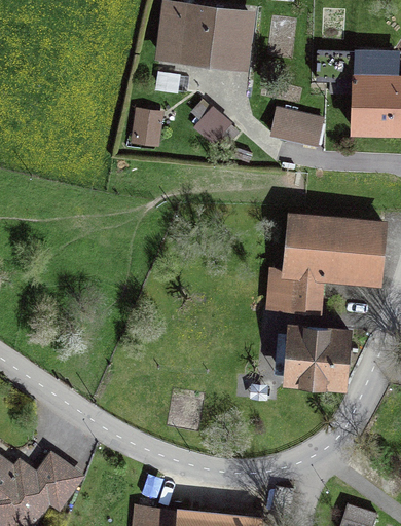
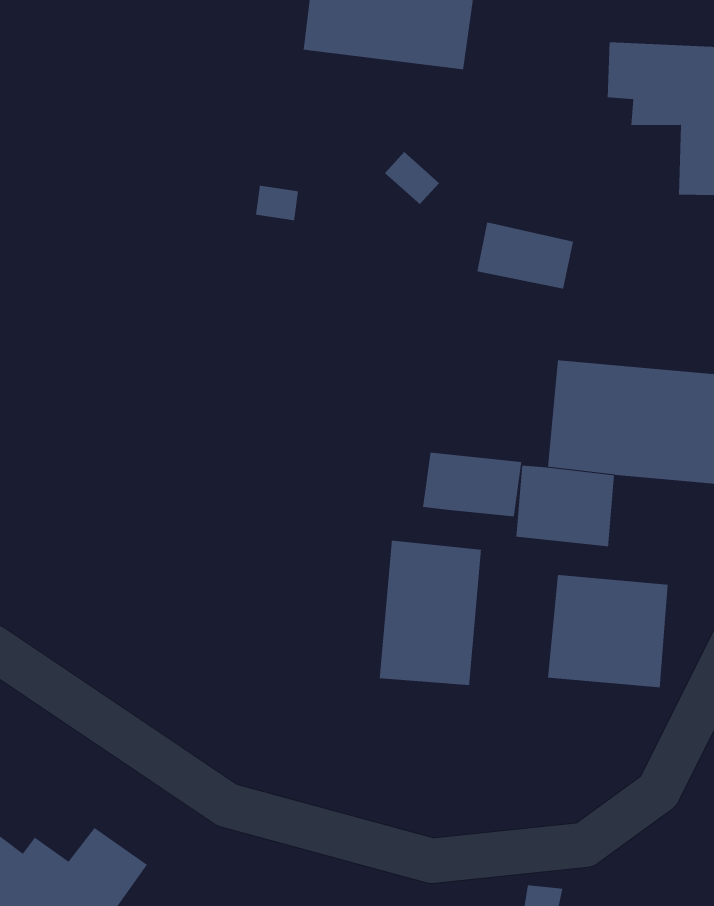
building: [271,108,322,143] -> [477,222,574,289]
building: none -> [423,452,522,517]
building: none -> [379,540,481,686]

